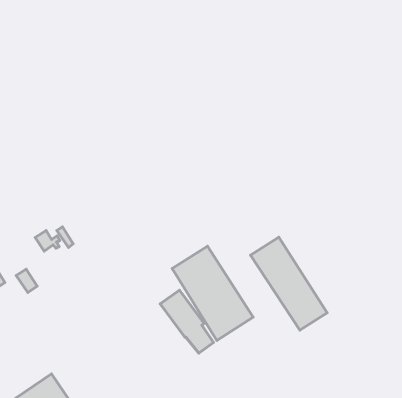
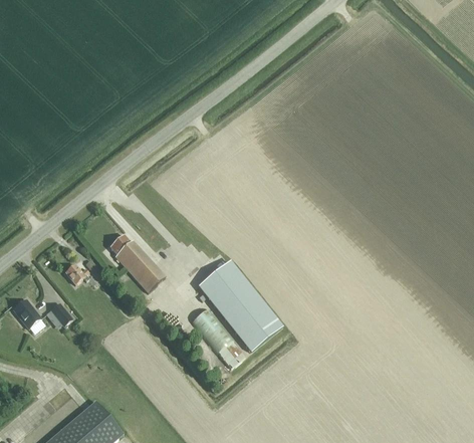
building: none -> [110,235,166,292]
building: [250,237,327,330] -> none

